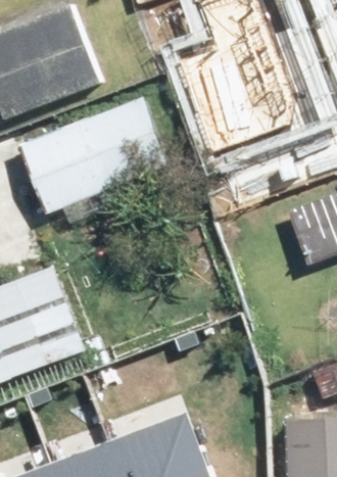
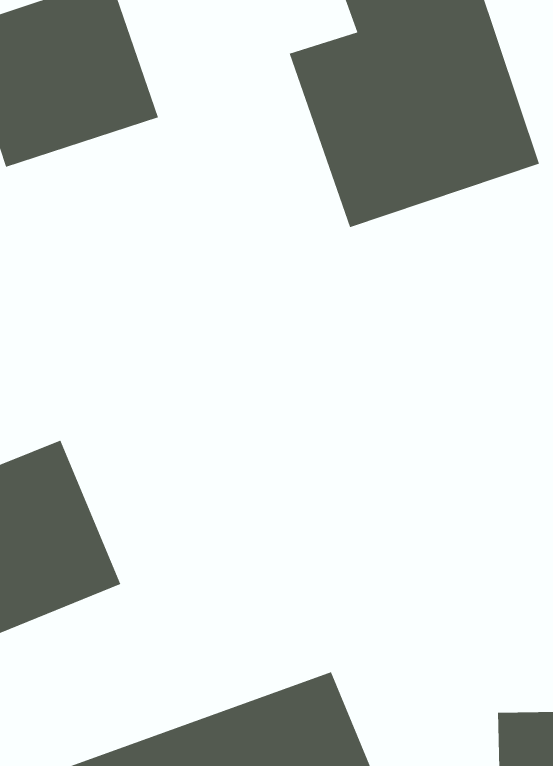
building: [16,101,166,218] -> none

